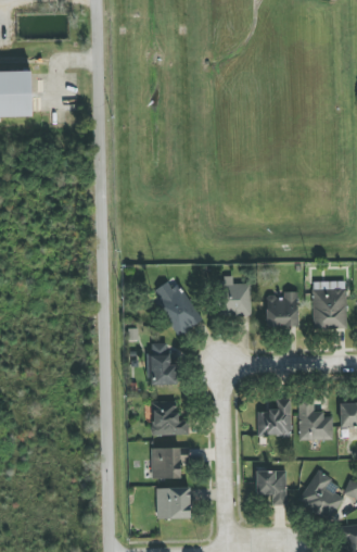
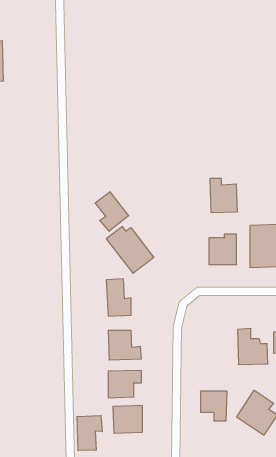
building: none -> [95,192,129,231]
building: [219,276,251,315] -> [210,178,238,213]
building: [256,399,292,436] -> none
building: none -> [77,415,102,451]

